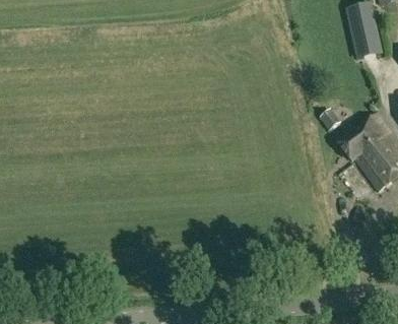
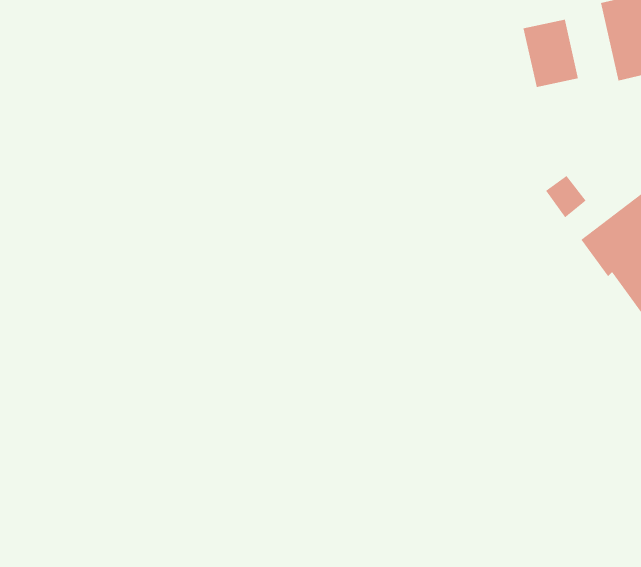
building: none -> [523,19,579,88]

